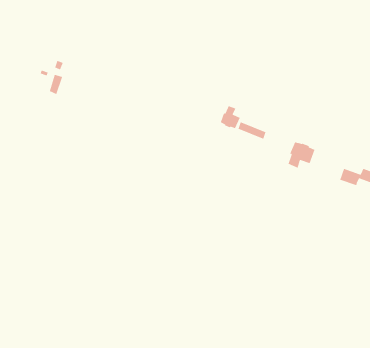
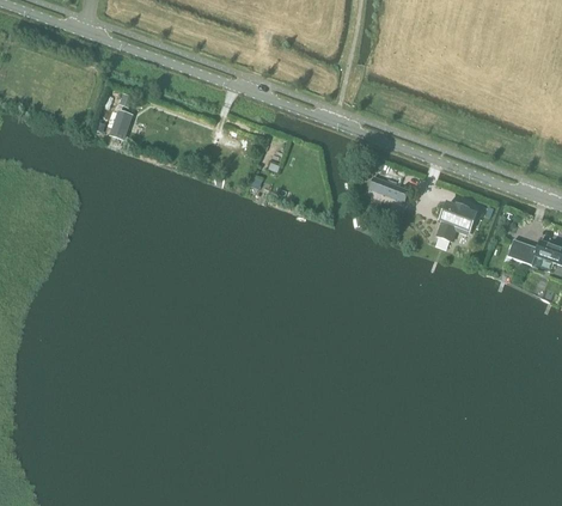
building: [220,105,241,129] -> none

